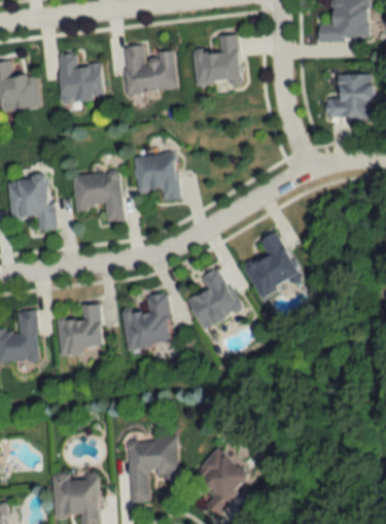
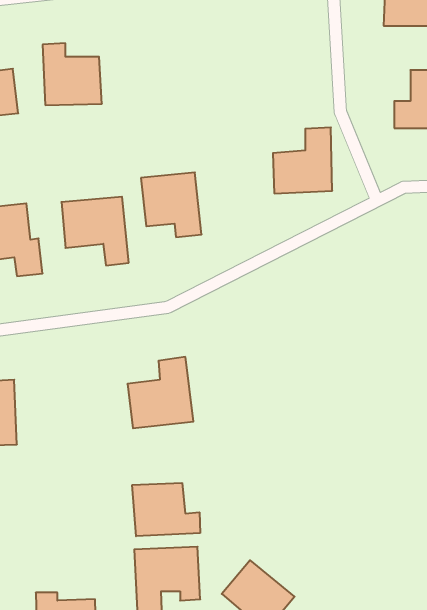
building: [195,34,240,84] -> [273,127,332,193]
building: [124,45,177,94] -> none
building: [246,232,301,298] -> none
building: [188,269,240,329] -> none
building: [59,305,103,355] -> none
building: none -> [132,483,200,536]

